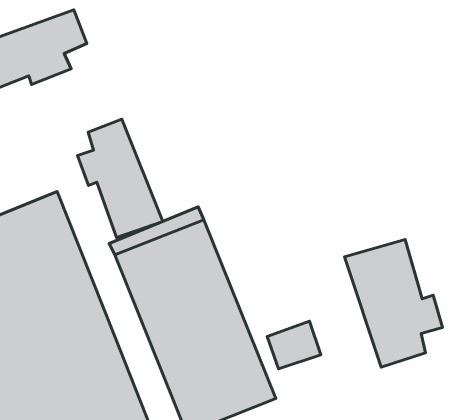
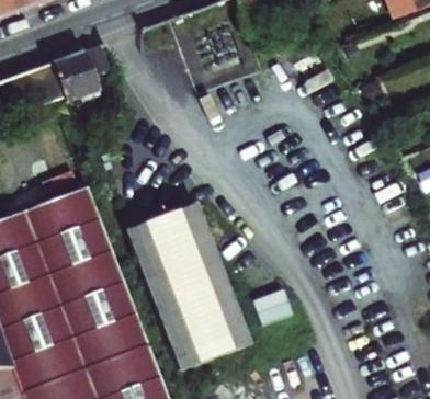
building: [78,119,163,237] -> none
building: [344,239,442,367] -> none

